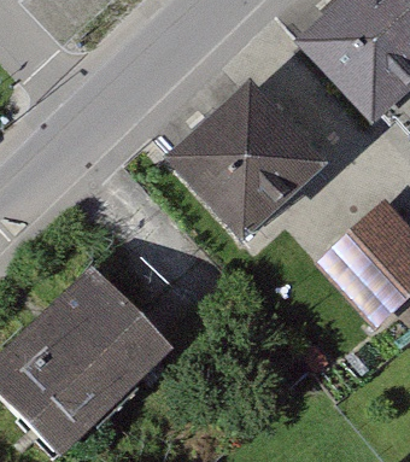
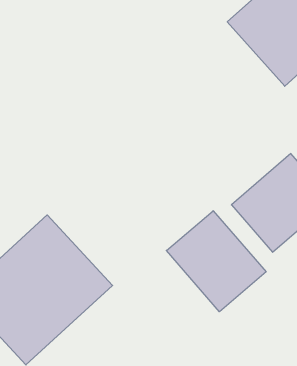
building: [172,81,324,232] -> none
building: none -> [166,211,266,312]

